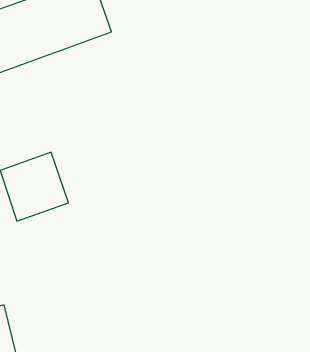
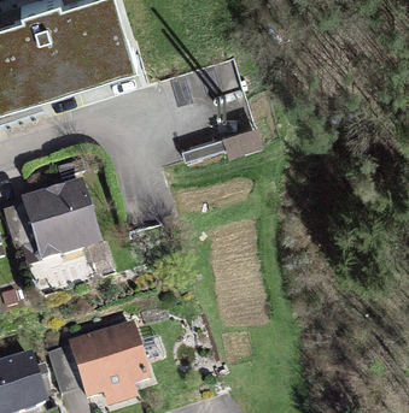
building: none -> [64,320,146,399]

